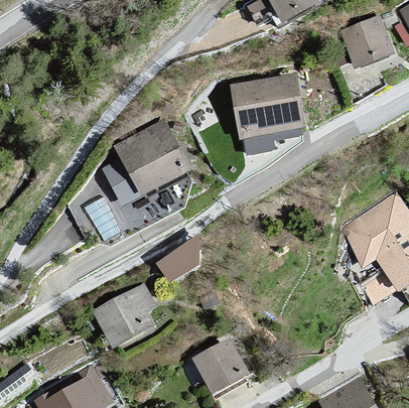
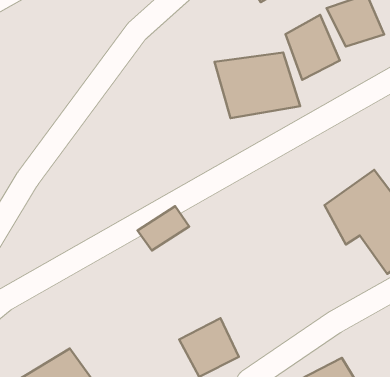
building: none -> [286,15,340,80]
building: [99,118,195,206] -> none
building: [89,284,159,353] -> none

